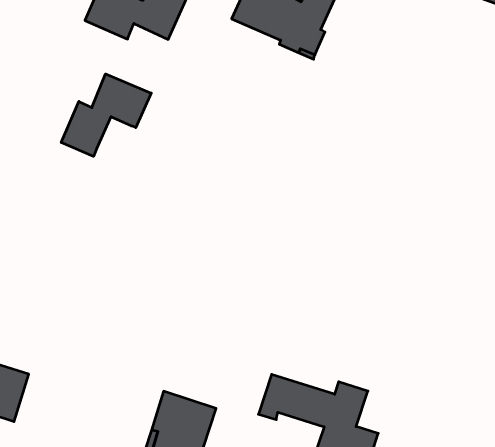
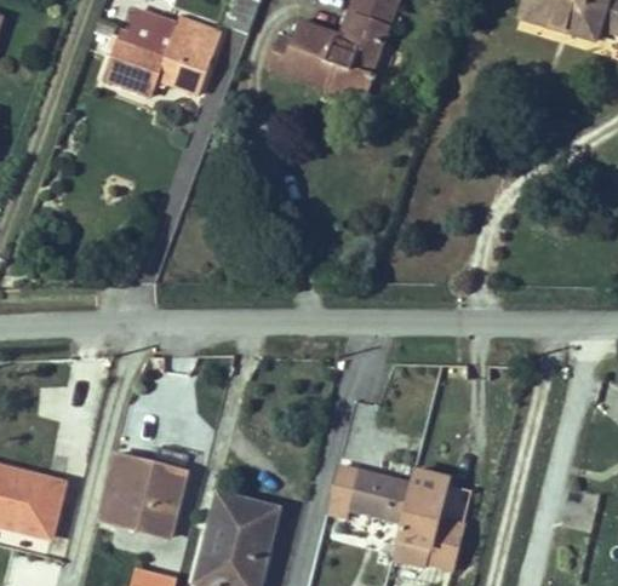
building: [61,74,151,156] -> none
building: none -> [98,453,185,536]

